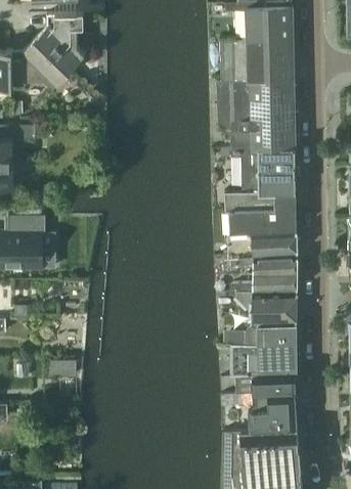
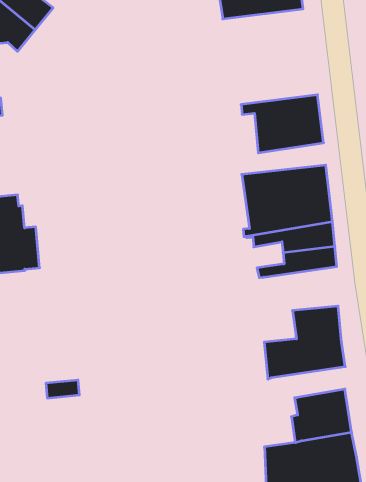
building: [217,76,296,149] -> none
building: [226,187,297,207] -> none
building: [237,290,298,345] -> none
building: [235,372,298,394] -> none

